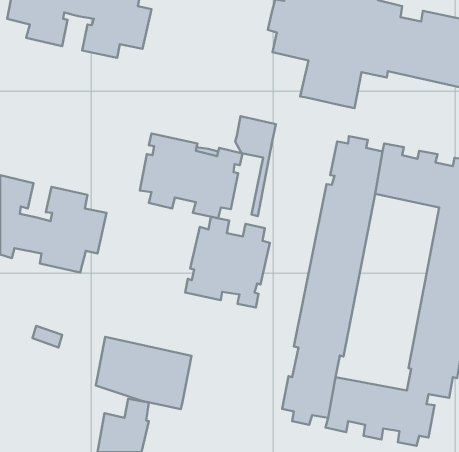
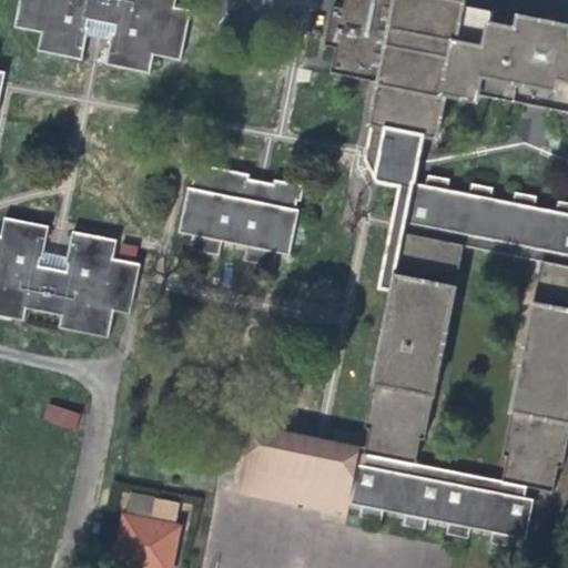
building: [235,116,276,216] -> [373,120,423,243]
building: [185,217,270,307] -> none
building: [96,337,192,409] -> [243,423,361,511]

